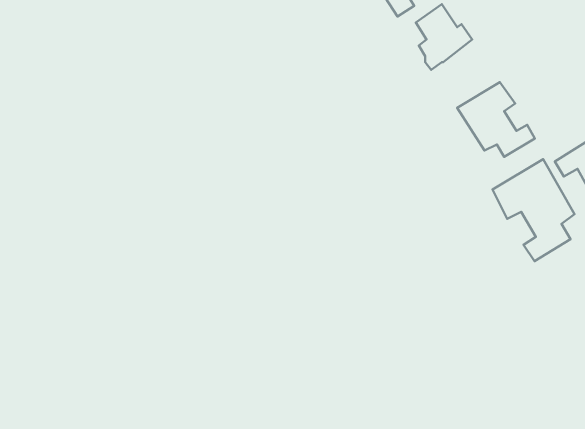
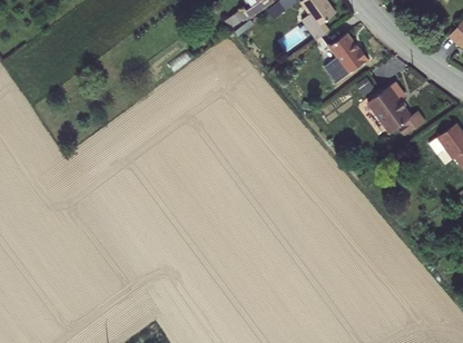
building: [492,159,575,261] -> none

